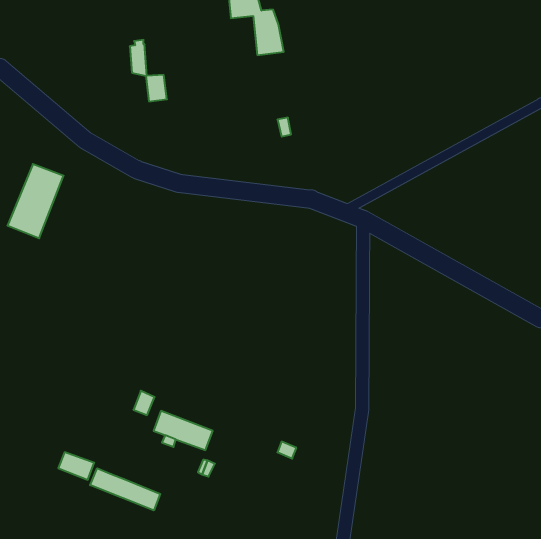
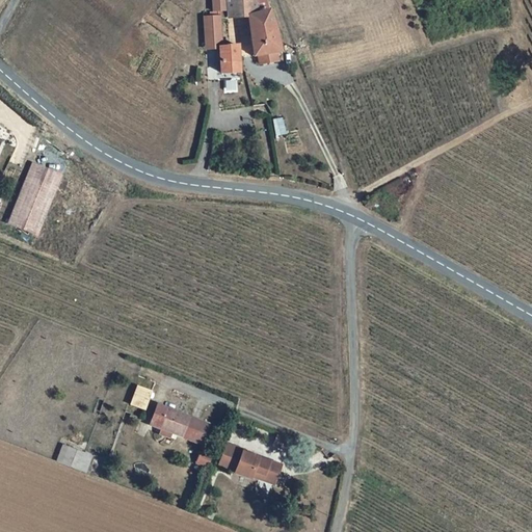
building: [130,40,167,101] -> [204,12,240,73]
building: none -> [218,441,281,480]
building: [90,468,160,510] -> none

